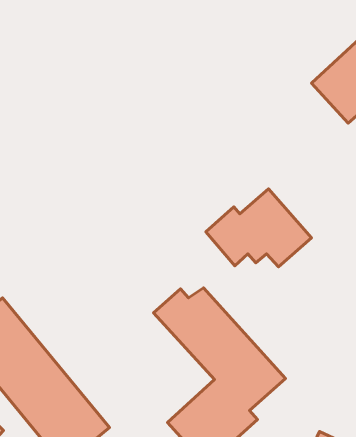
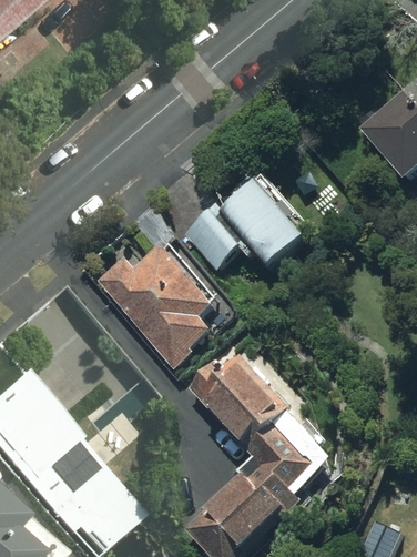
building: none -> [96,240,216,365]
building: [206,189,312,267] -> [185,181,303,267]

